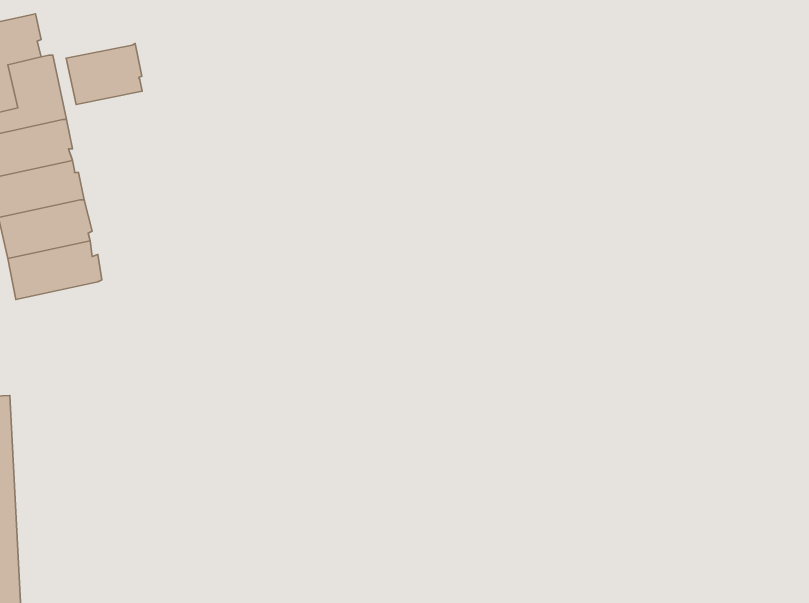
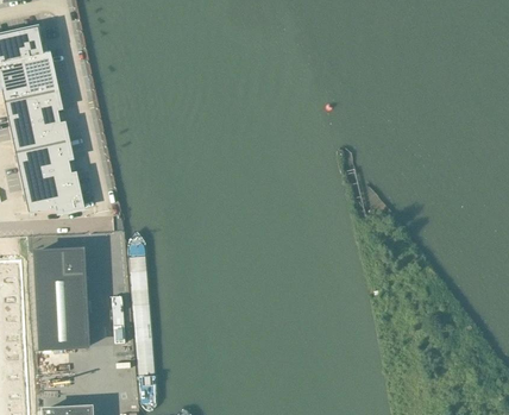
building: [66,43,142,104] -> none
building: none -> [25,189,82,213]
building: none -> [34,250,87,348]

